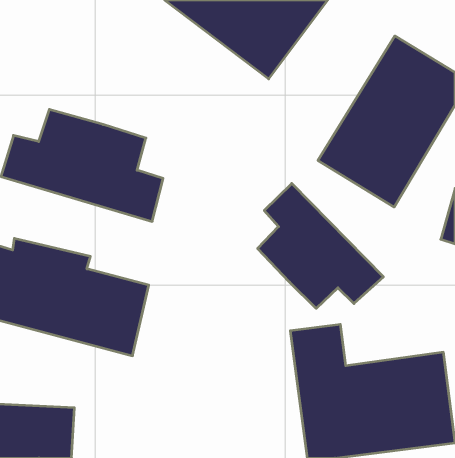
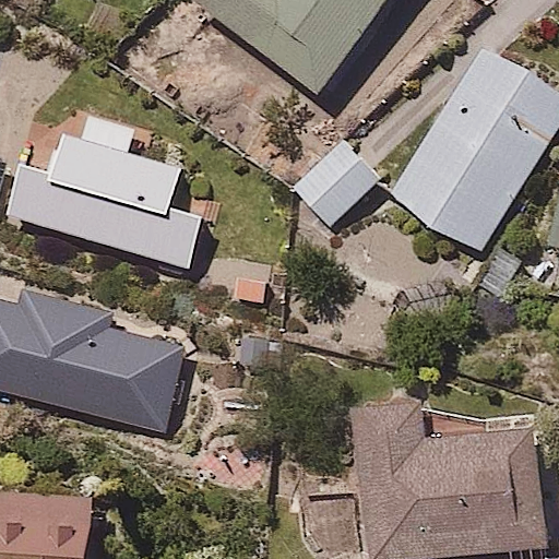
building: none -> [296,133,392,228]
building: [258,183,383,308] -> none

